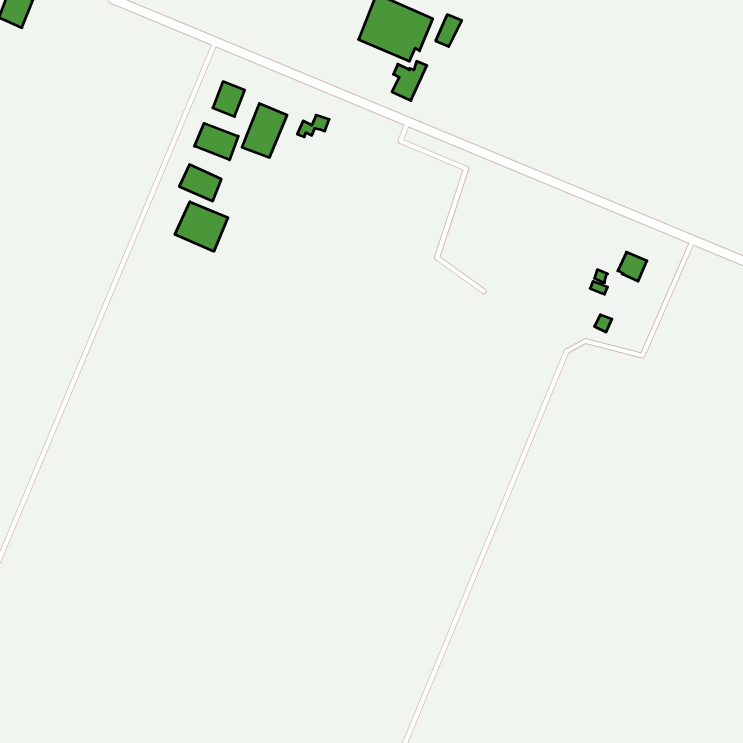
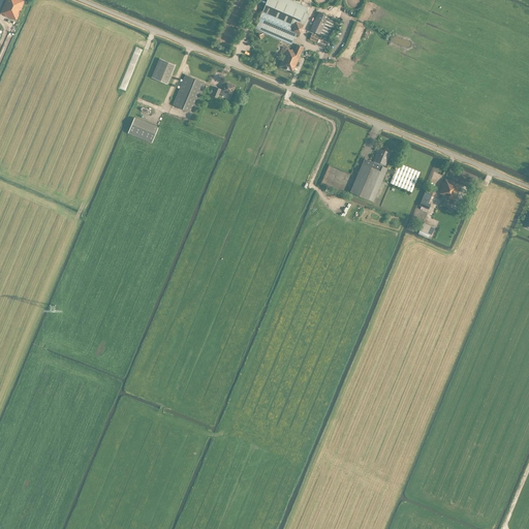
building: [194,123,238,160] -> none
building: [175,202,228,251] -> none
building: none -> [349,147,418,200]

